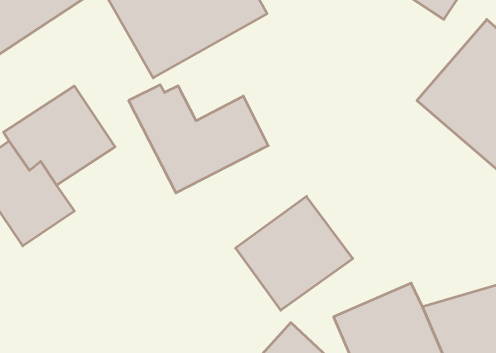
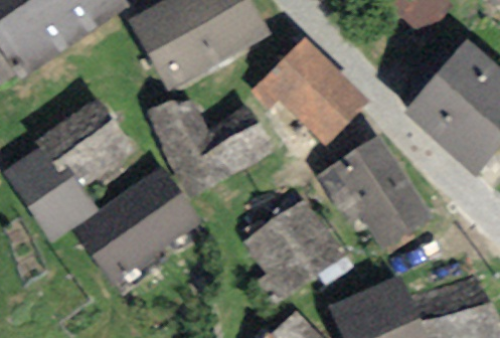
building: none -> [251,36,367,143]
building: none -> [316,135,432,248]
building: none -> [72,166,199,284]

